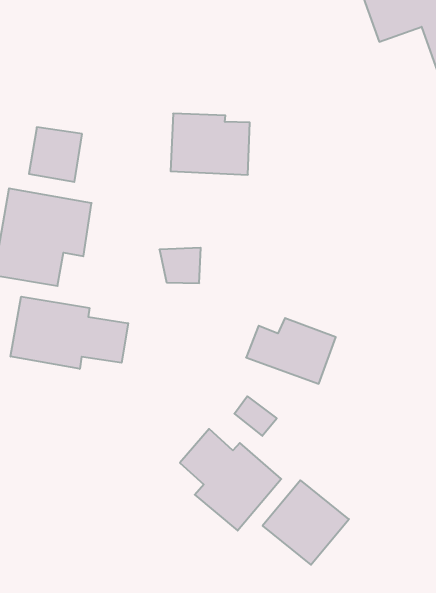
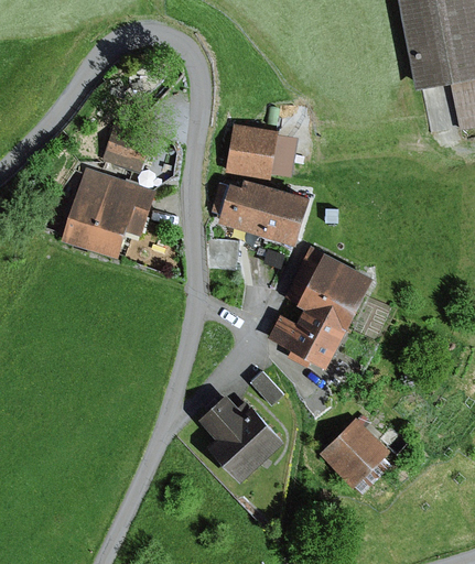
building: none -> [212,182,306,243]
building: none -> [285,248,373,332]
building: [11,297,128,369] -> none
building: [263,480,349,565] -> [320,417,393,490]

